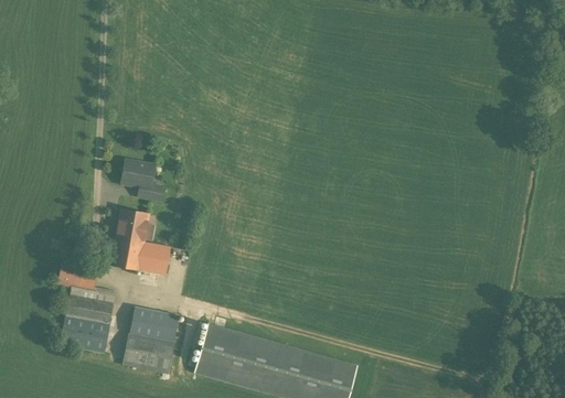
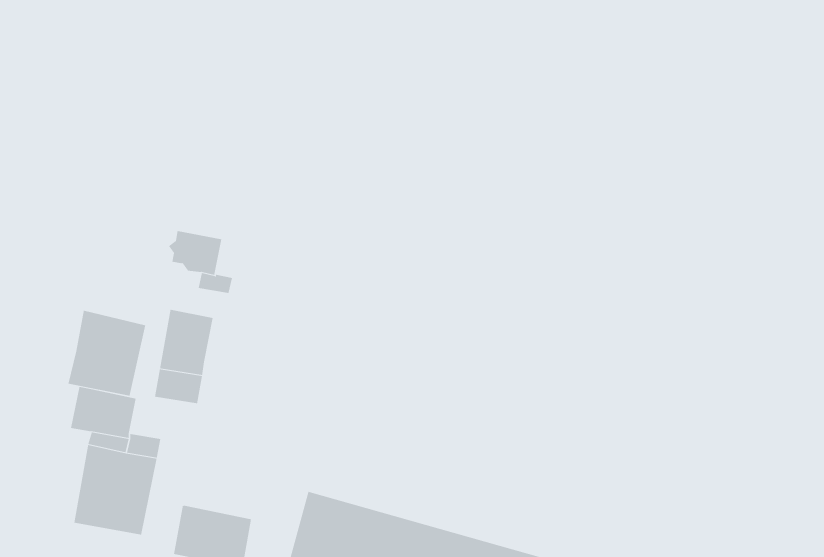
building: none -> [68,310,146,397]
building: [139,241,171,273] -> none
building: [130,306,179,341] -> none

